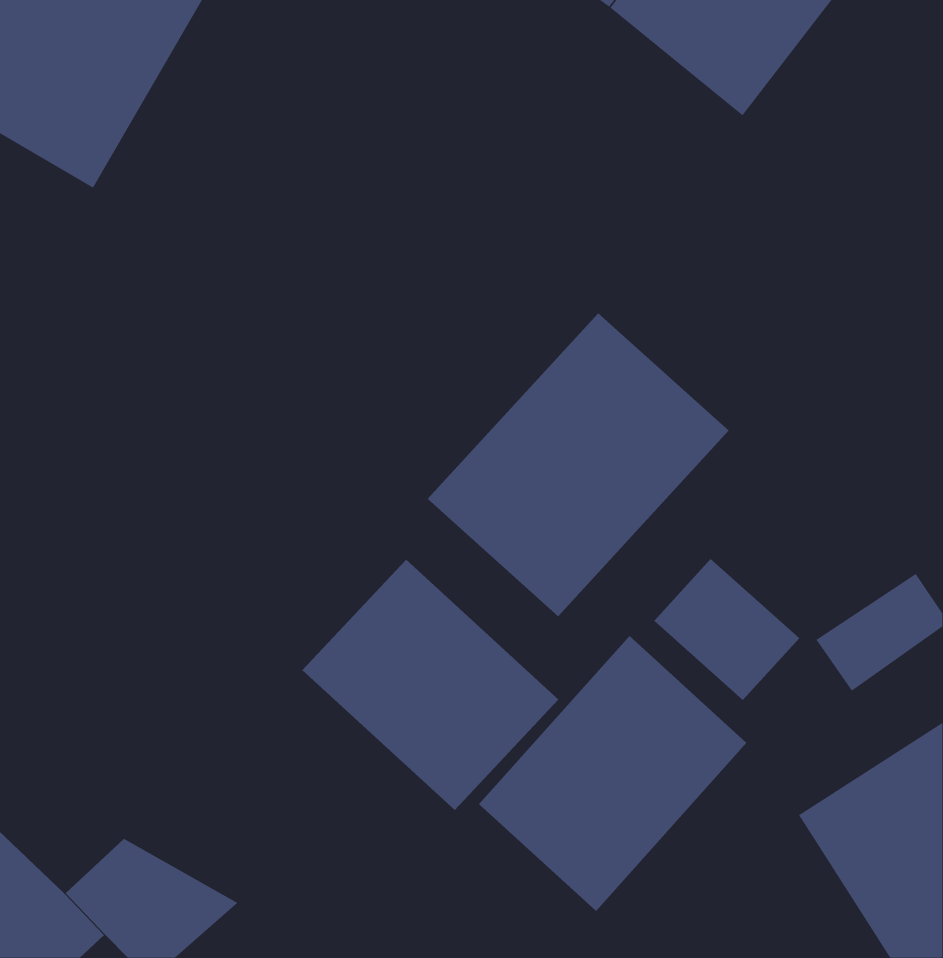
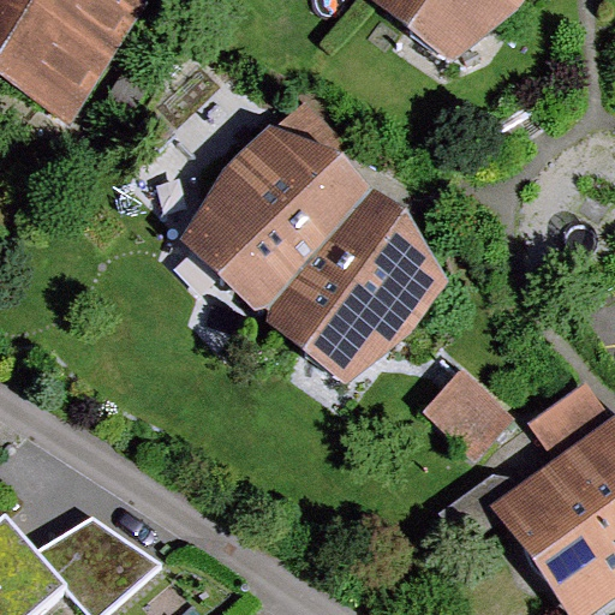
building: none -> [179,117,377,315]
building: [302,559,559,811] -> none
building: [478,635,747,912] -> none

